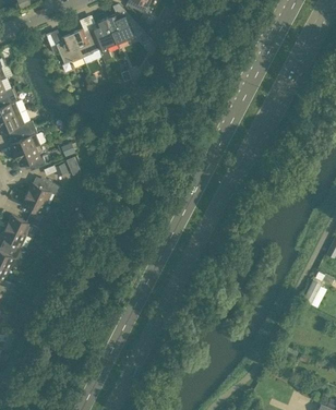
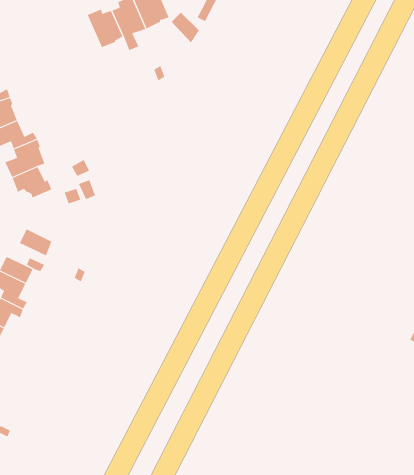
building: [56,33,83,64] -> none
building: [26,178,60,204] -> none

